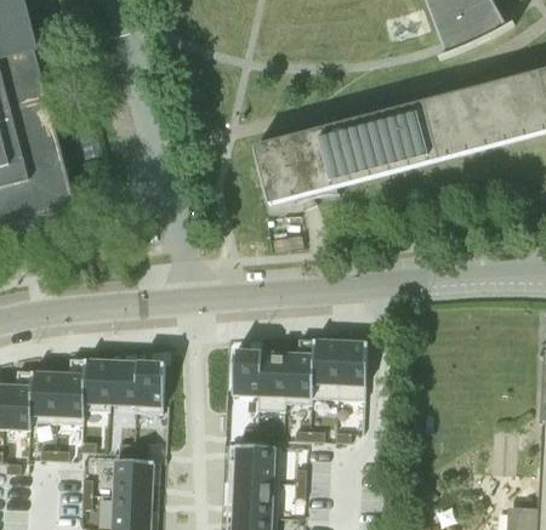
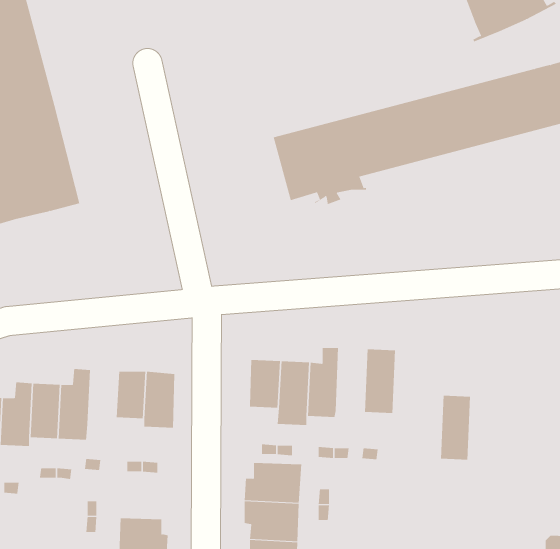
building: [312,338,340,398] -> [440,395,471,460]
building: [84,359,112,410] -> none
building: [113,458,160,496] -> none

